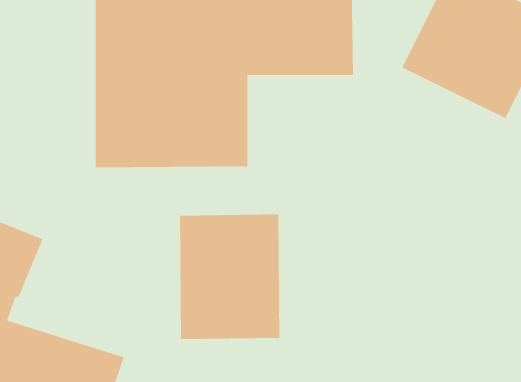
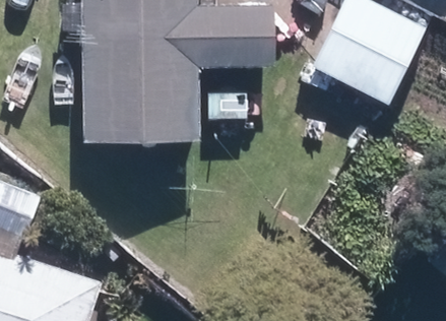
building: [179,214,280,340] -> none

